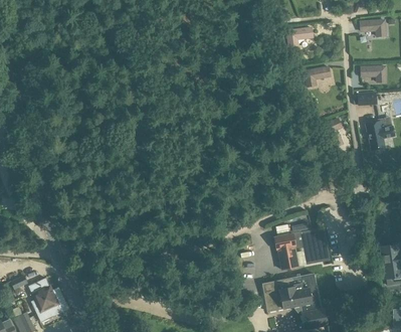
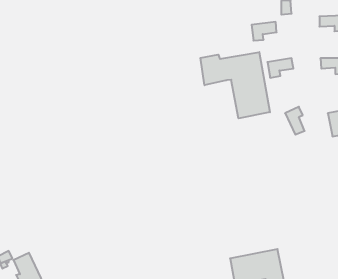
building: none -> [200,52,270,118]
building: [273,227,329,270] -> none

